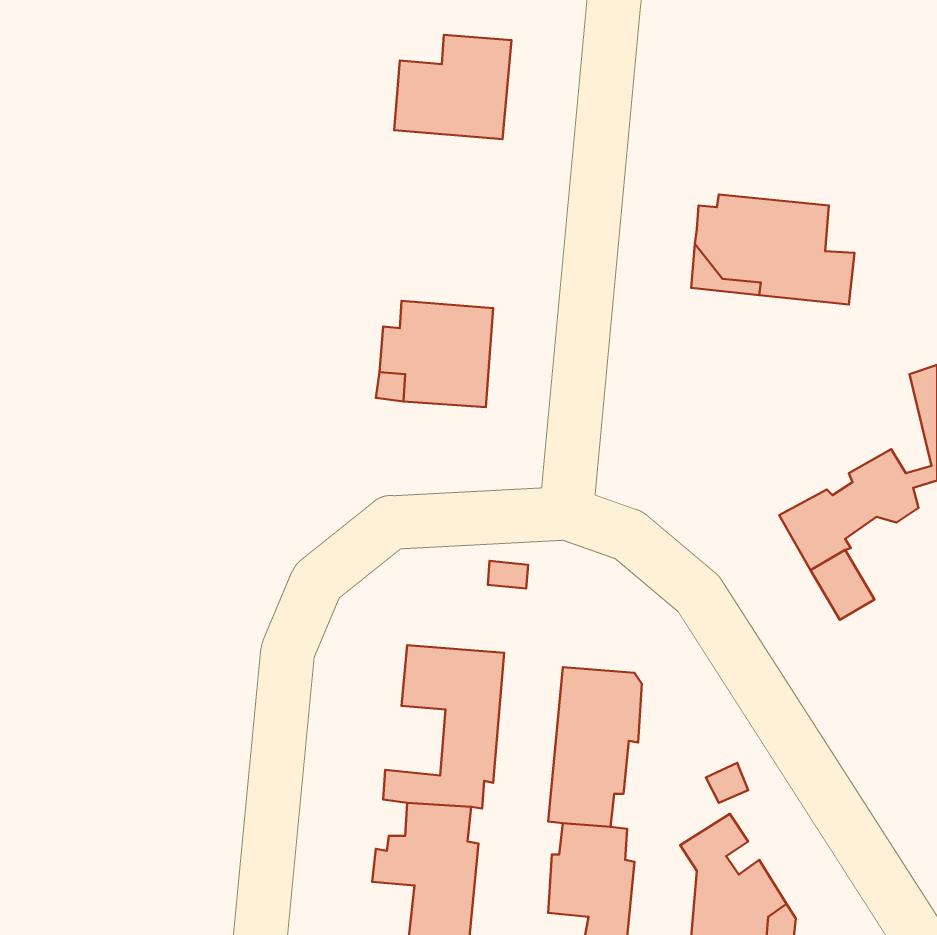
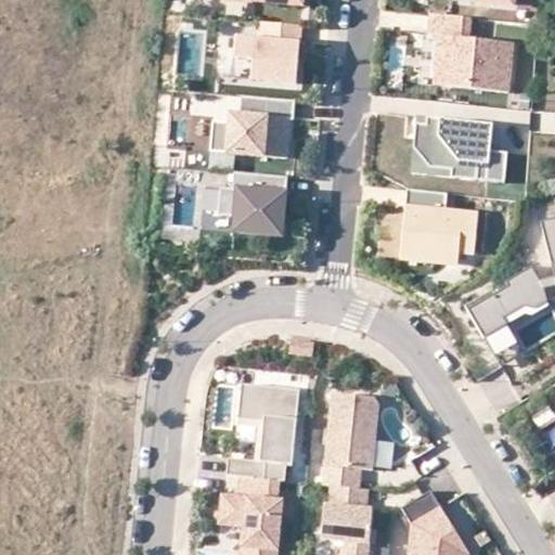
building: none -> [428,13,514,91]
building: none -> [211,96,296,158]
building: none -> [401,189,478,262]

